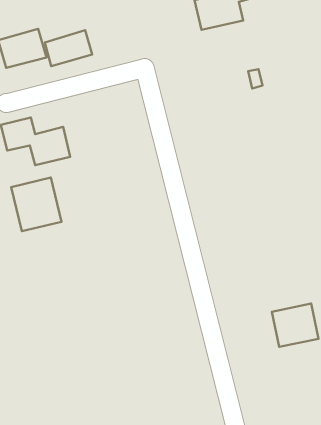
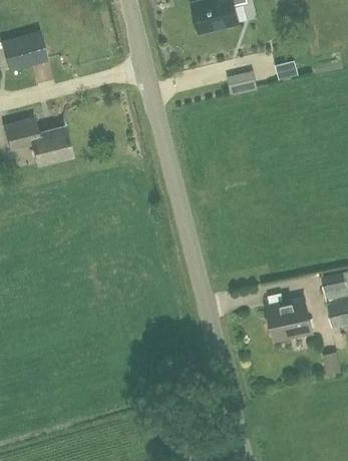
building: [45,30,92,66] -> none
building: [11,178,62,231] -> none

